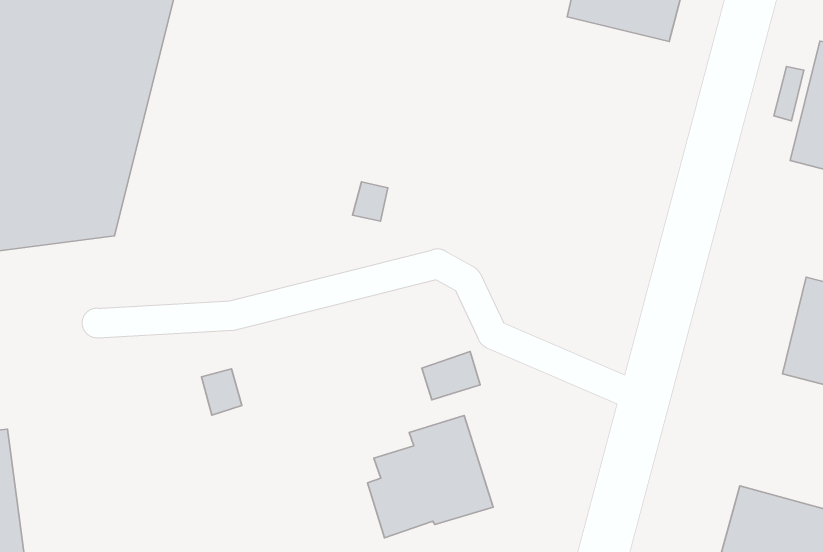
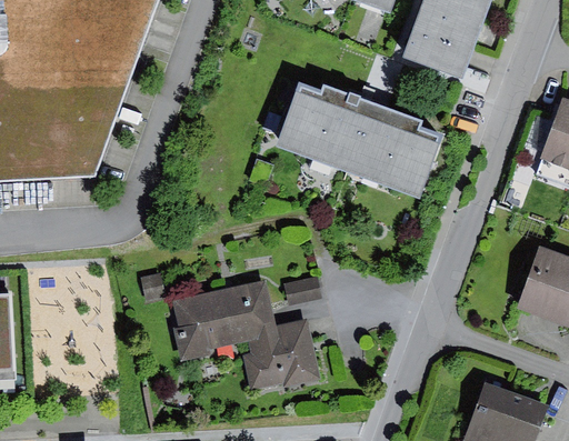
building: none -> [277,84,443,199]
building: none -> [169,280,274,359]

